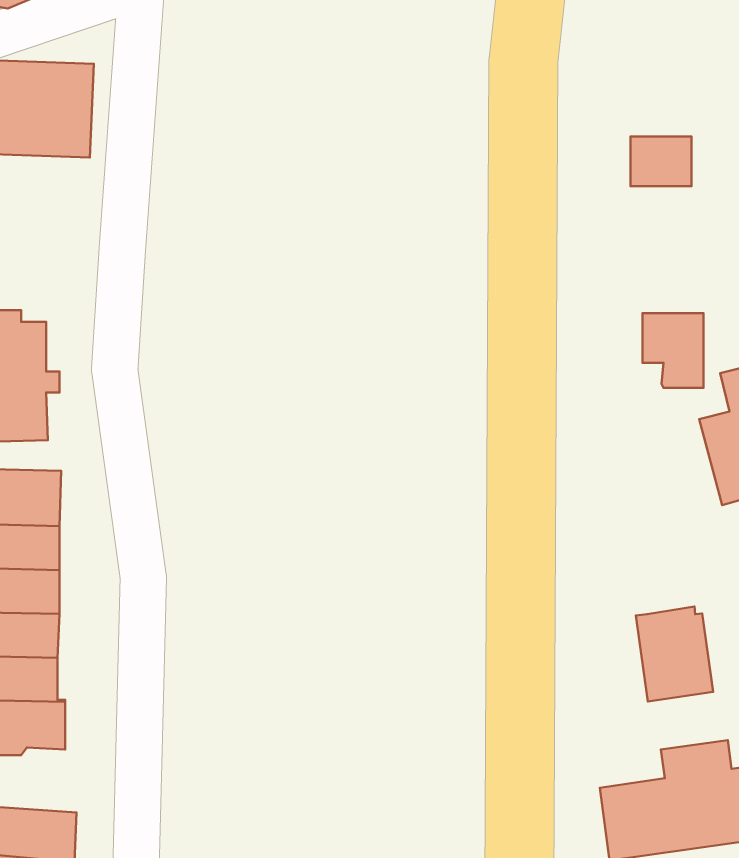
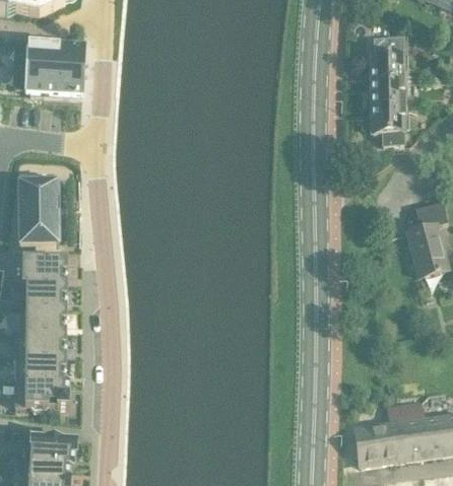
building: none -> [369,40,401,81]
building: [642,313,704,388] -> [369,108,401,147]
building: [636,606,713,701] -> none

